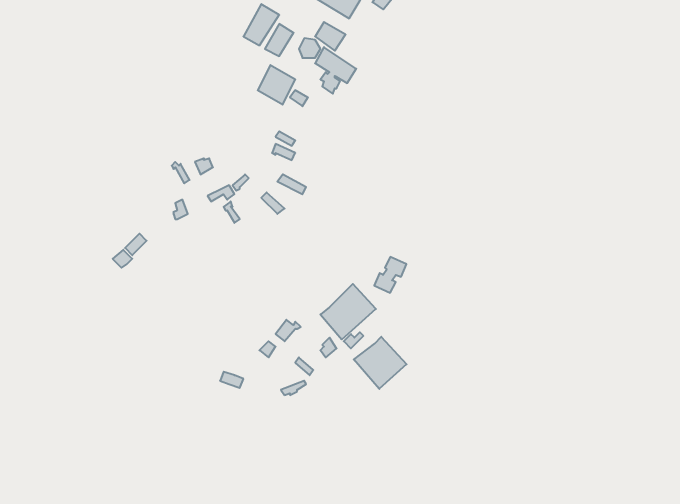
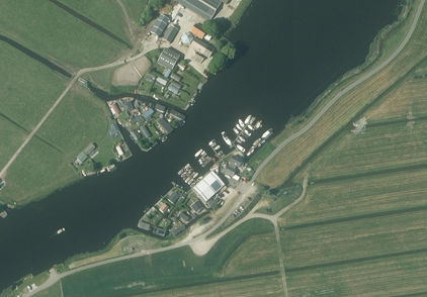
building: [354,337,407,389] -> none

